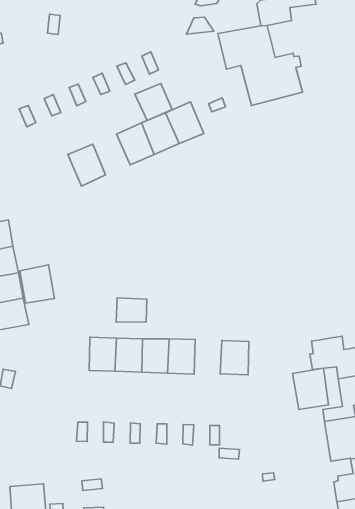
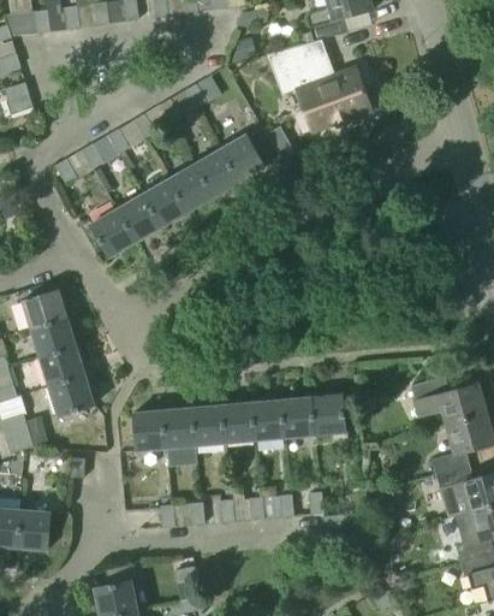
building: [135,83,172,121] -> none
building: none -> [142,180,186,227]
building: none -> [89,209,135,257]
building: [20,265,55,303] -> none
building: [116,298,147,322] -> none
building: none -> [133,410,167,450]
building: none -> [281,397,314,438]
building: [292,368,329,410] -> none

